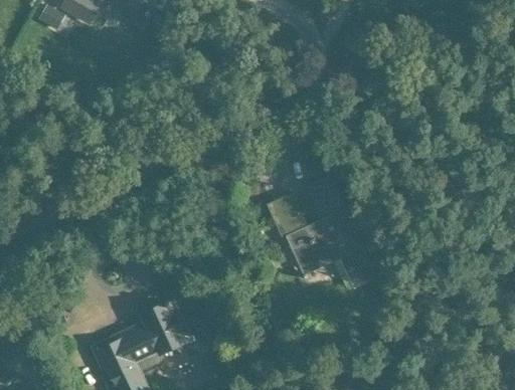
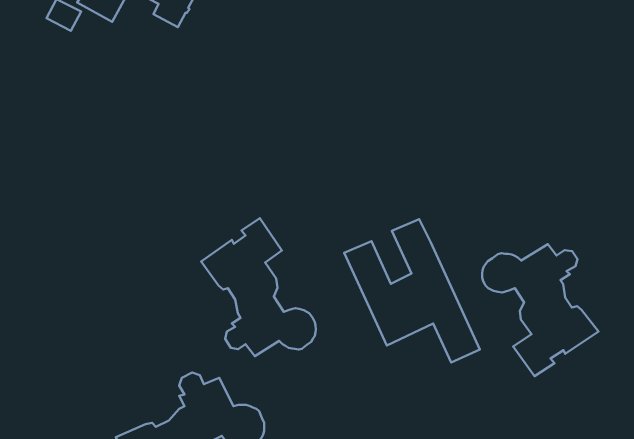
building: none -> [201,218,316,356]
building: none -> [482,244,598,376]

